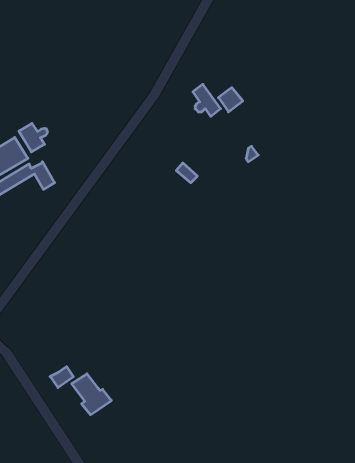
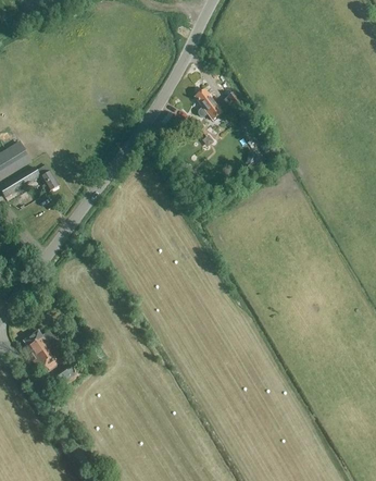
building: [19,123,47,152] -> none
building: [72,374,111,415] -> [23,331,62,371]

